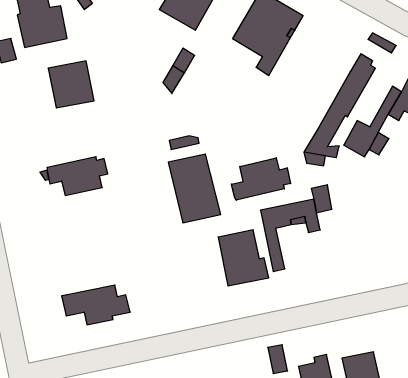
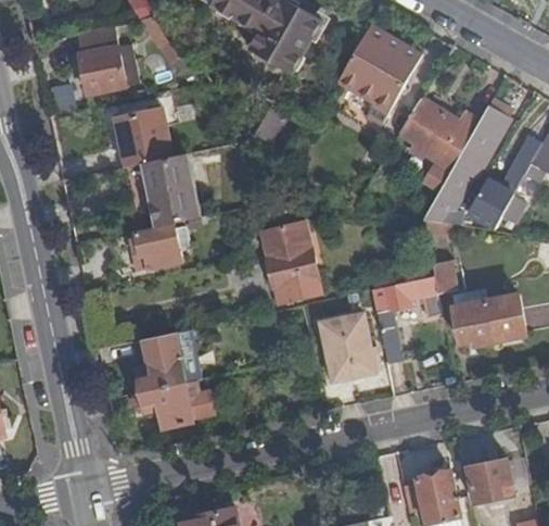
building: none -> [400,100,478,190]
building: none -> [123,154,200,227]
building: [231,158,291,200] -> none
building: none -> [450,288,526,346]
building: none -> [135,328,202,391]

